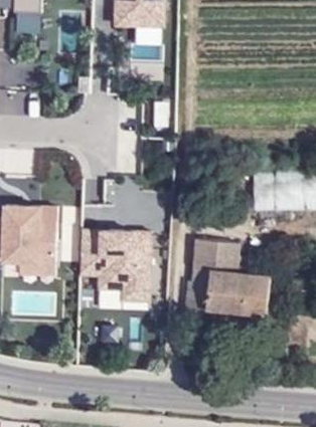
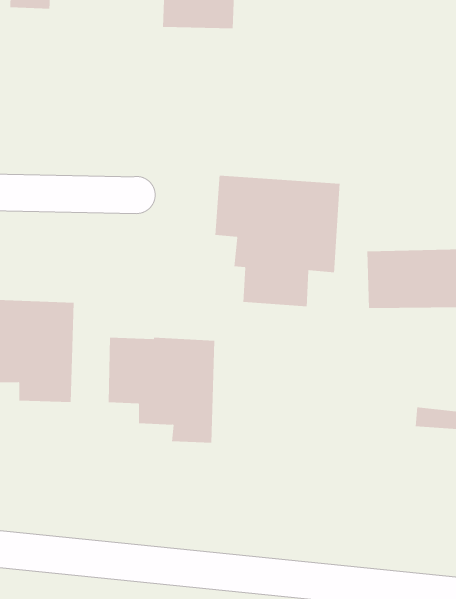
building: none -> [215,175,340,307]
building: [183,241,271,322] -> none

